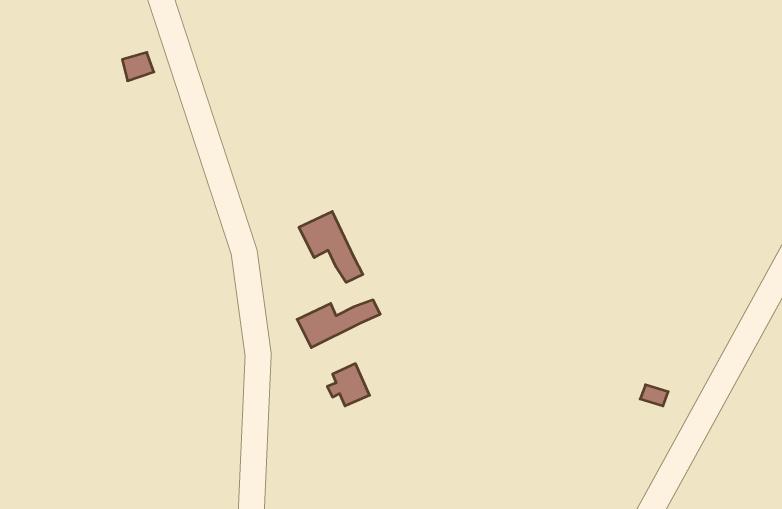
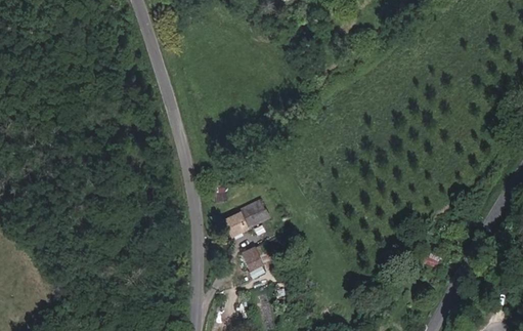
building: [299,211,363,282] -> none

